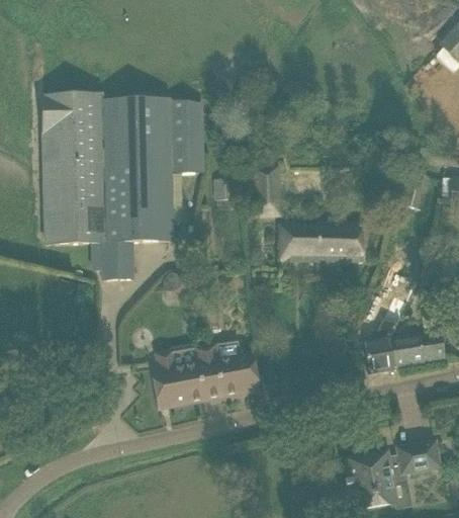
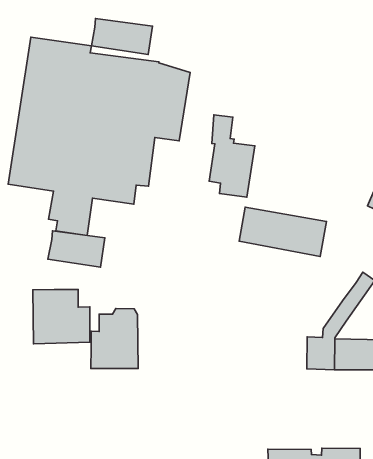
building: none -> [91,19,152,55]
building: none -> [48,231,105,267]
building: [194,340,259,401] -> [33,289,90,344]

